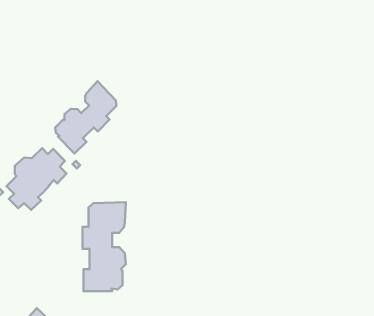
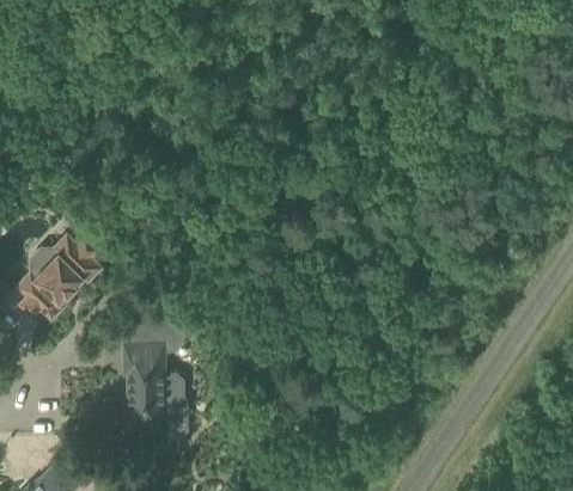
building: [55,81,116,153] -> none

